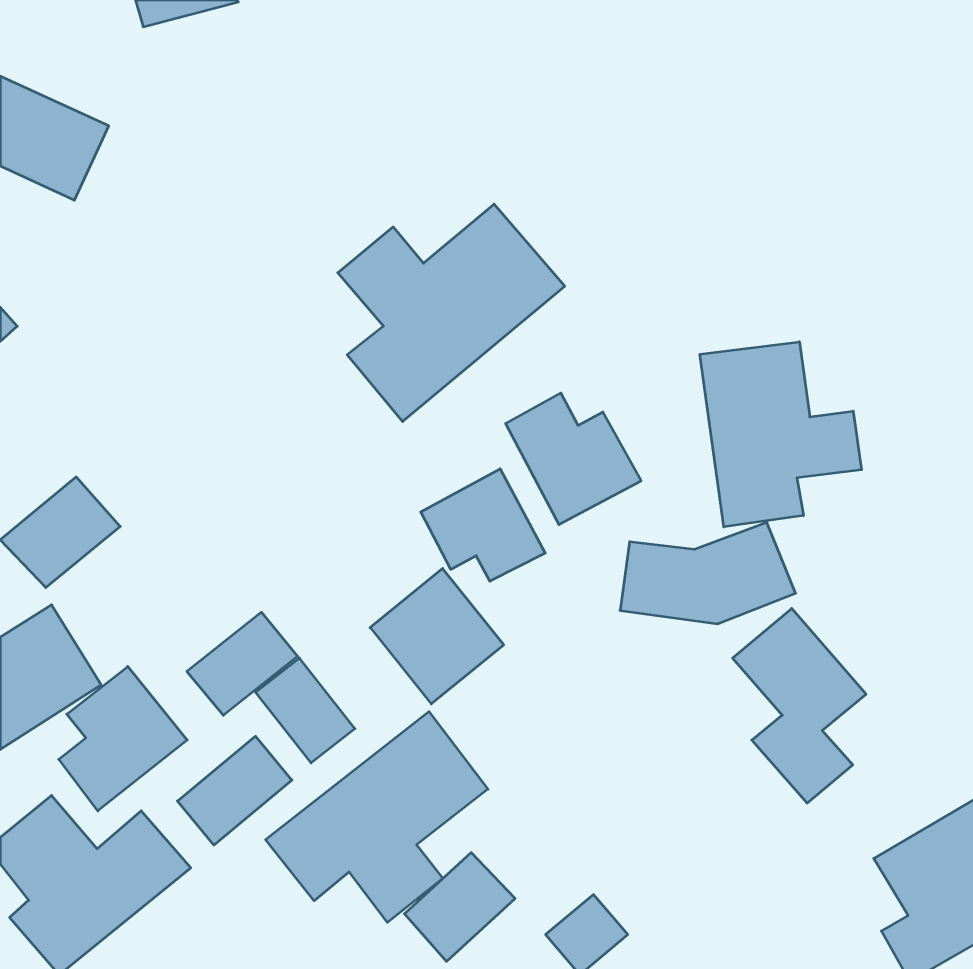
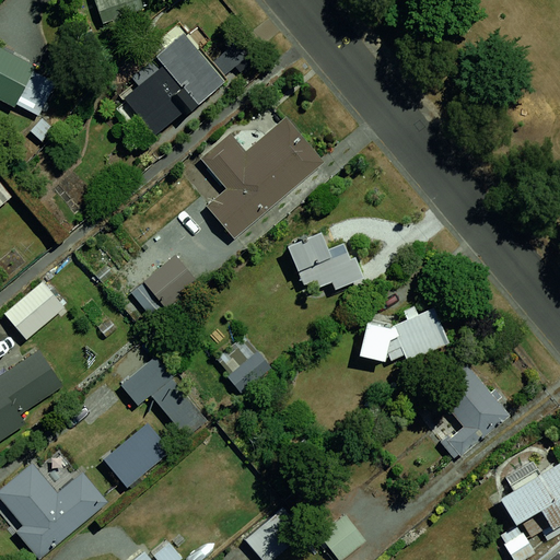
building: none -> [127,28,228,133]
building: [700,342,862,527] -> none
building: none -> [133,256,197,319]
building: [421,469,545,581] -> none
building: [59,666,187,811] -> none
building: [266,712,488,922] -> none

